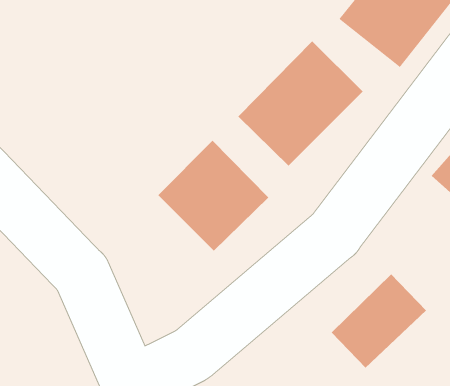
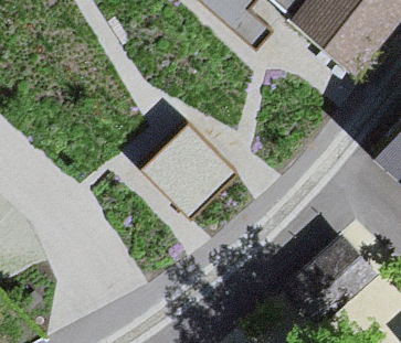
building: [238,40,363,167] -> none

